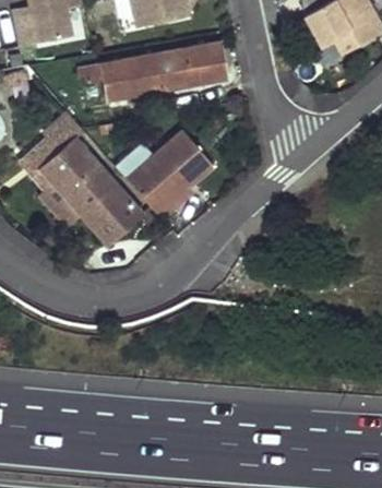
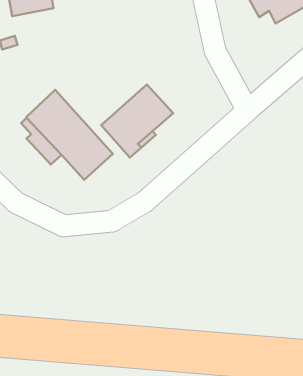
building: [79,43,228,98] -> none

